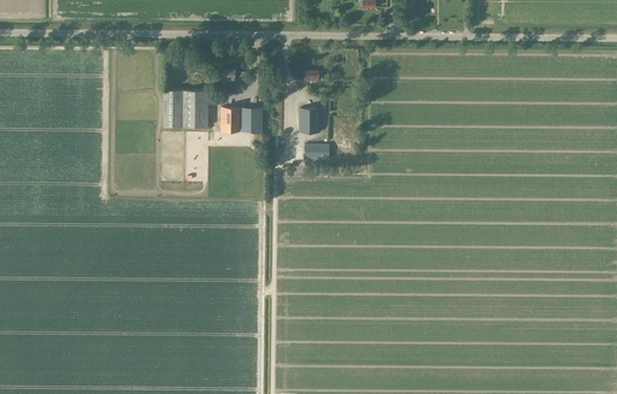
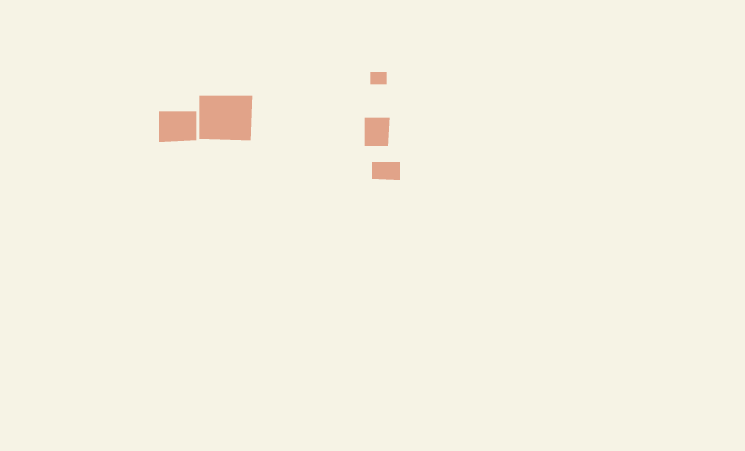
building: none -> [158,110,197,143]
building: [221,107,263,133] -> none

